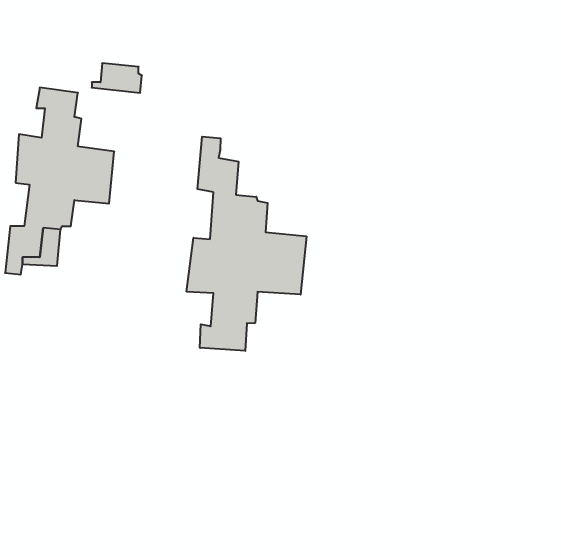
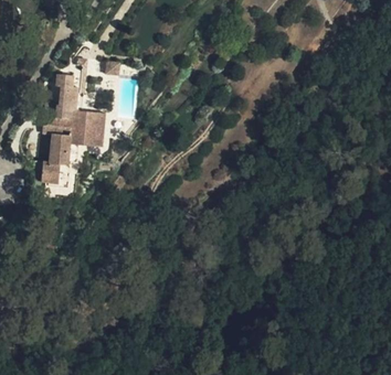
building: [187,137,306,351] -> none

